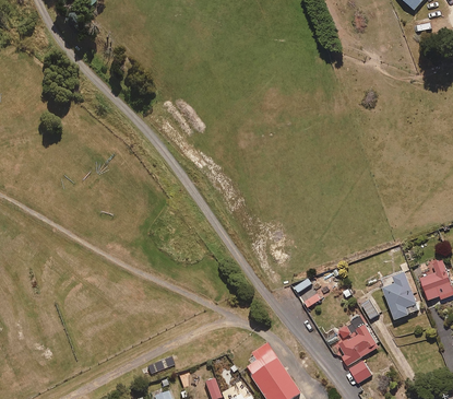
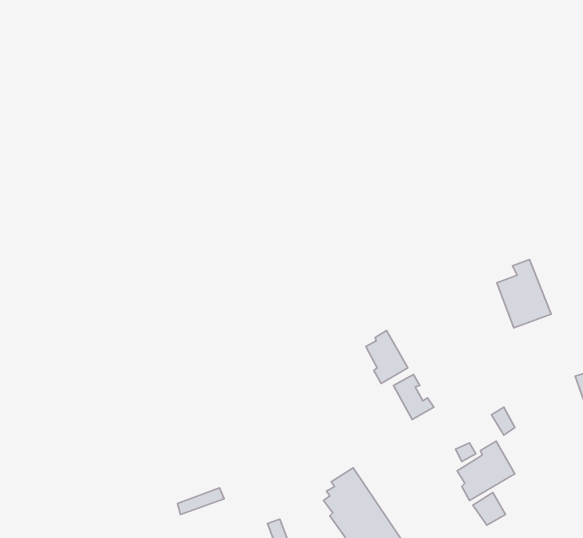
building: none -> [366,331,408,383]
building: [383,272,421,320] -> [497,260,551,328]

